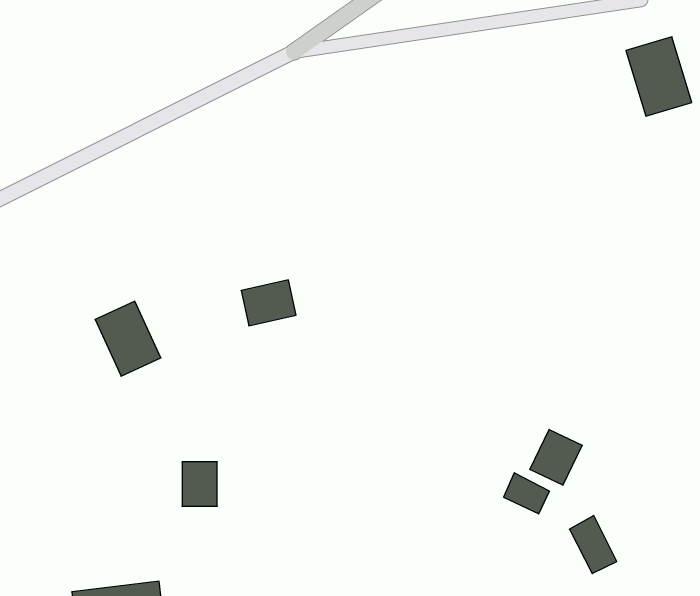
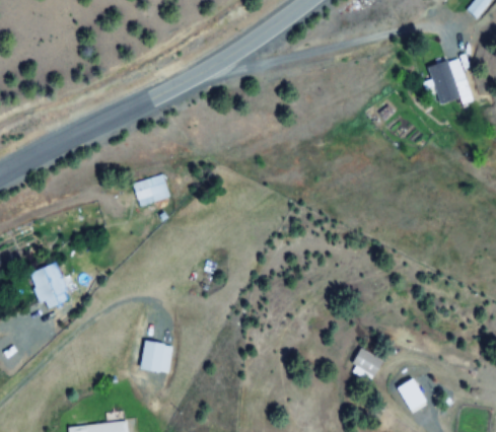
building: [241,280,296,326] -> [135,175,171,206]
building: [95,301,161,376] -> [27,263,71,312]
building: [530,429,582,485] -> none

